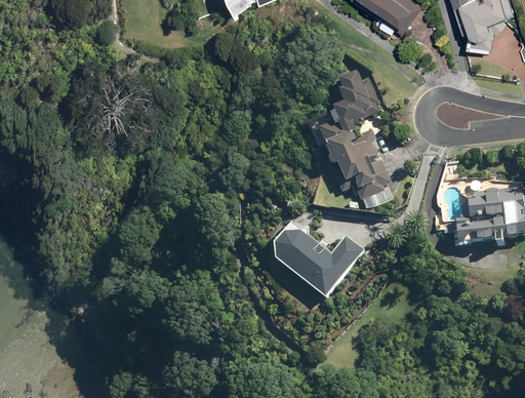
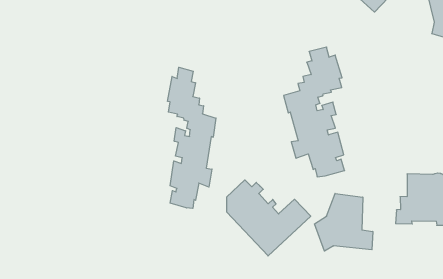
building: none -> [168,67,216,208]
building: none -> [314,193,373,251]

